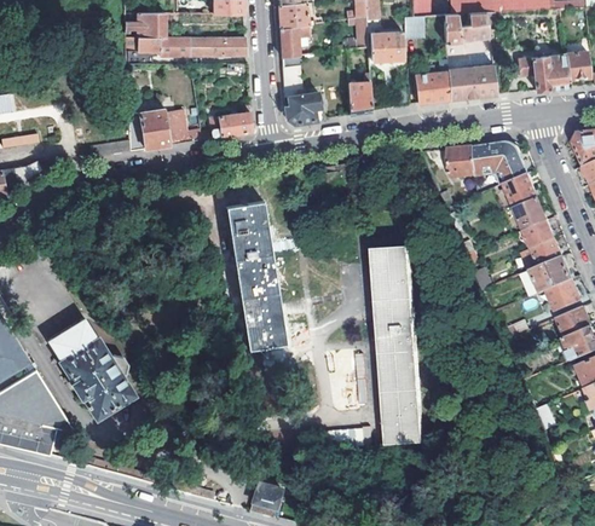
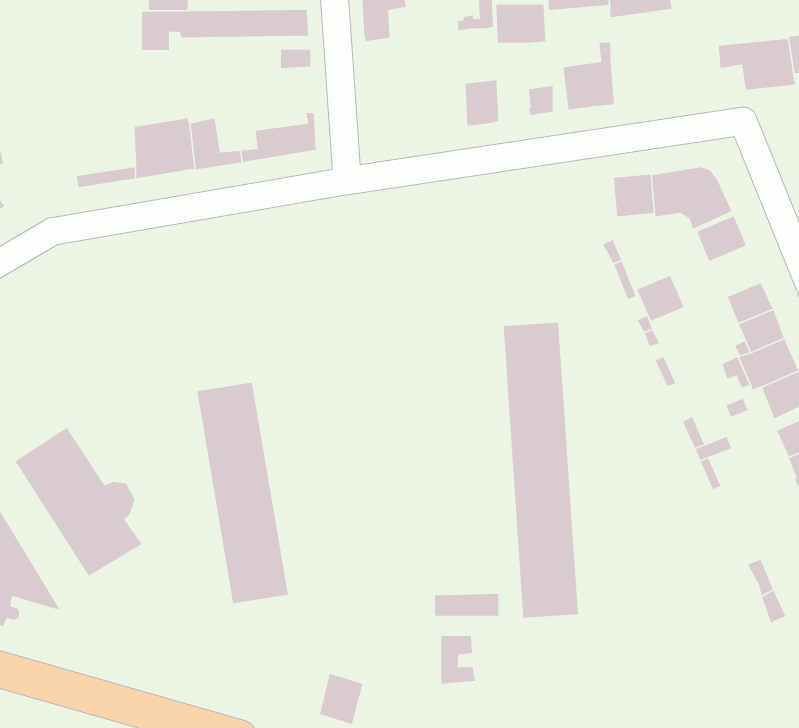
building: [282,56,322,125] -> none
building: [446,67,497,100] -> none
building: [514,197,547,229] -> [636,275,685,322]
building: [225,200,287,348] -> [196,382,289,604]
building: none -> [441,635,476,685]

